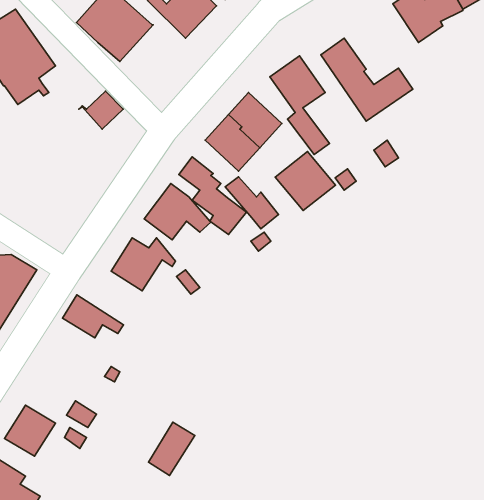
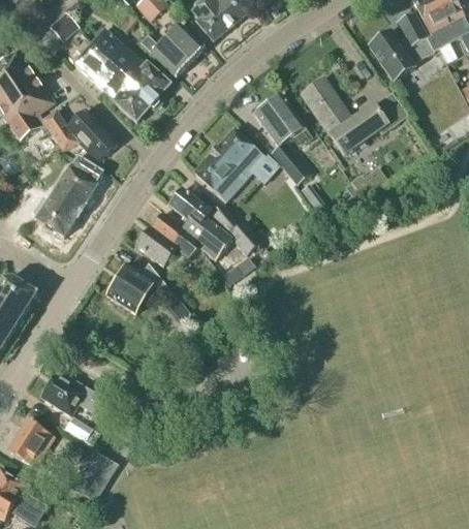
building: none -> [112,62,169,121]
building: none -> [41,108,100,149]
building: none -> [19,155,102,237]
building: [275,152,336,211] -> none
building: [63,295,124,338] -> [40,374,97,414]
building: [148,422,195,475] -> [74,452,118,501]

